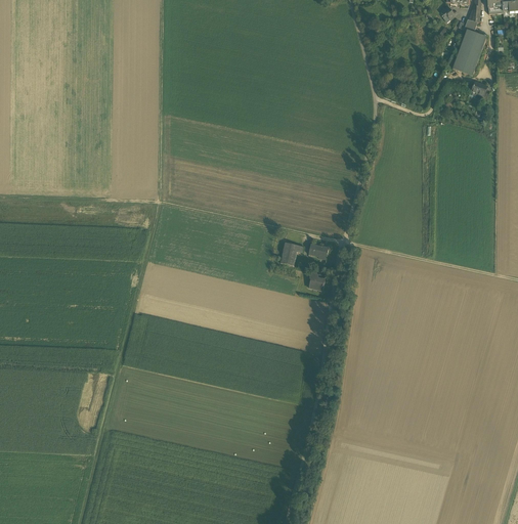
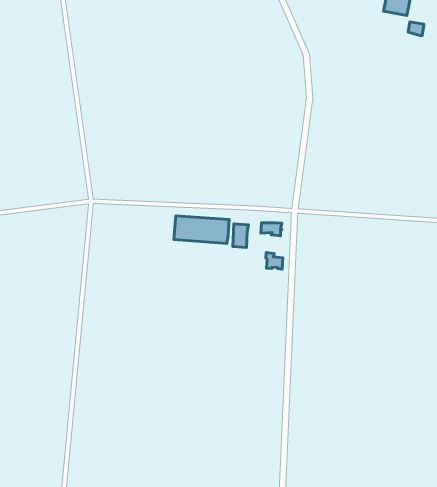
building: none -> [174,216,229,243]

